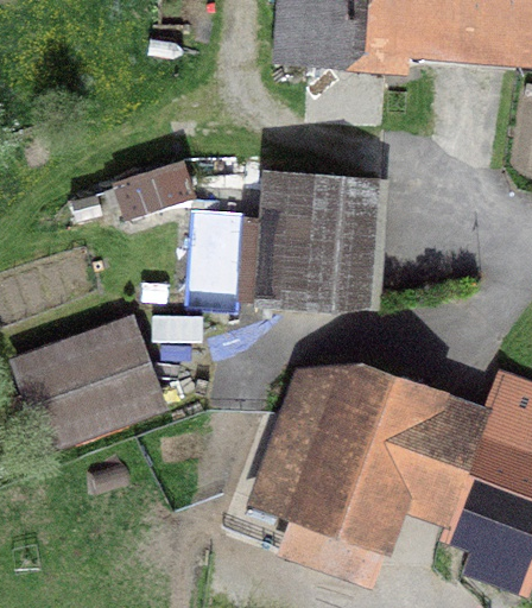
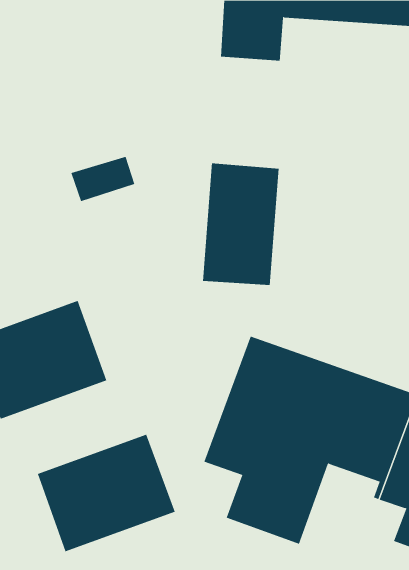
building: [186,209,247,314] -> none
building: none -> [37,434,175,552]

